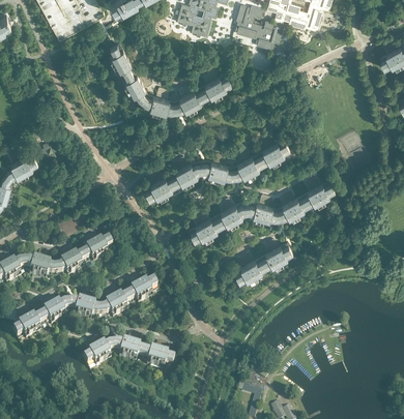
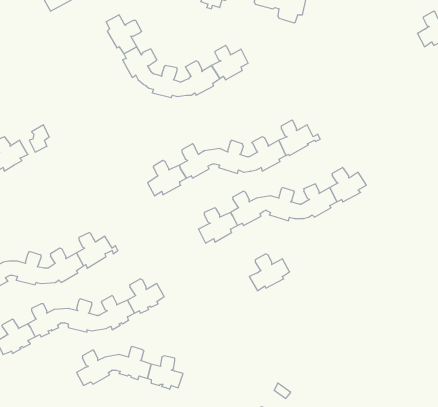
building: [261,239,292,269] -> none

